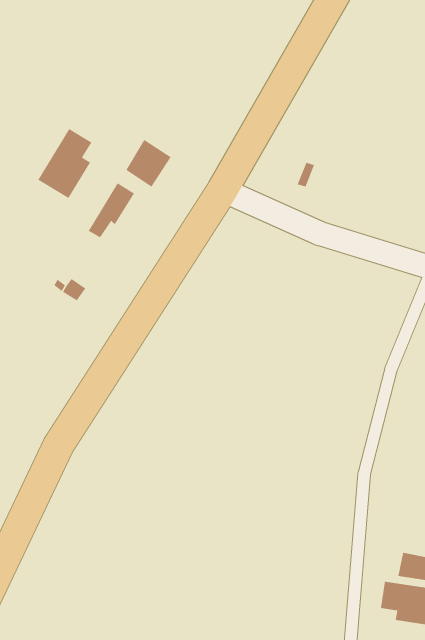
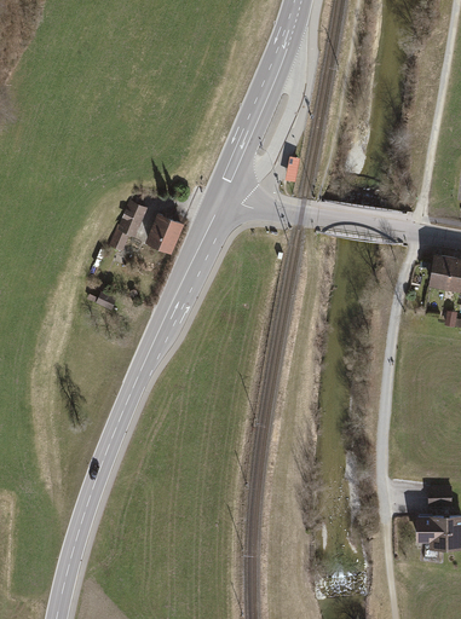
building: [38,128,92,199] -> none
building: [125,139,172,188] -> [144,213,183,254]

